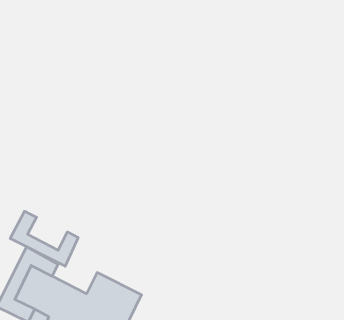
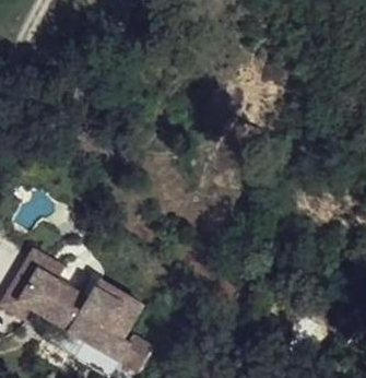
building: [10,211,78,266] -> none

